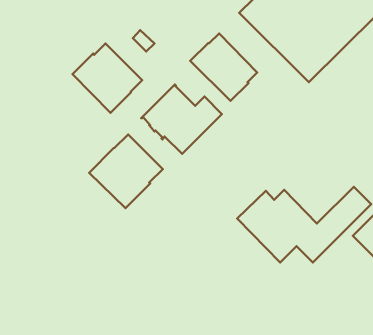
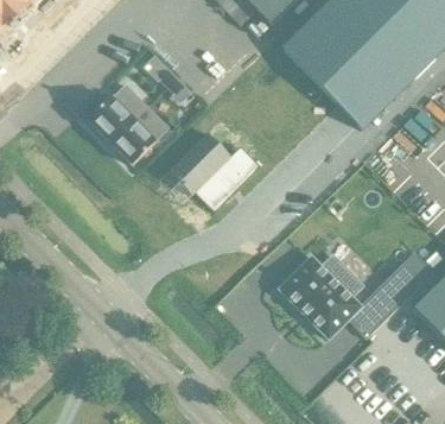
building: [190,34,257,101] -> none
building: [89,134,163,208] -> none

